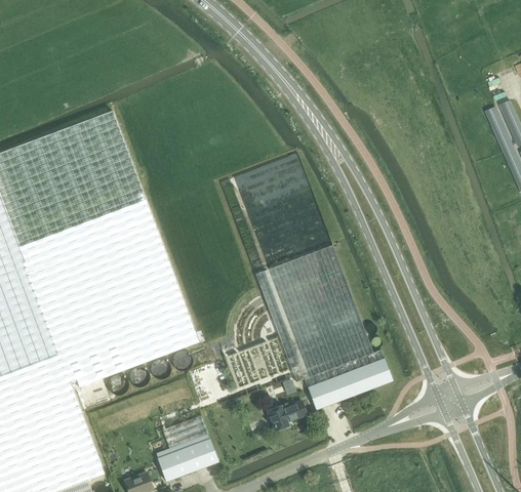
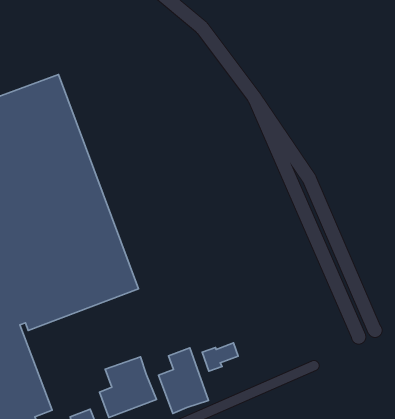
building: [254,244,392,410] -> none
building: none -> [158,348,209,413]

